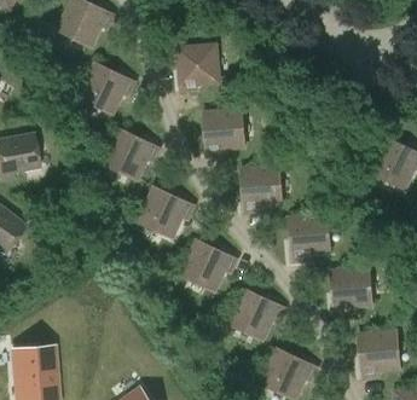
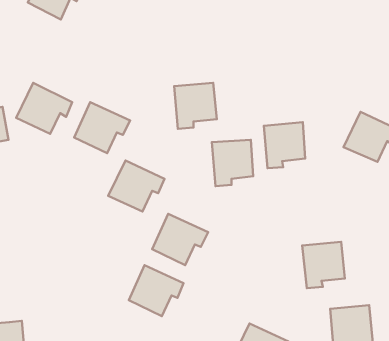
building: [178,44,219,91] -> none
building: [79,62,134,112] -> [16,83,72,134]
building: [289,214,330,260] -> [264,122,305,168]
building: [230,289,284,340] -> [129,265,184,316]

